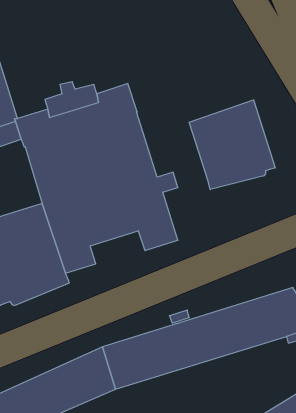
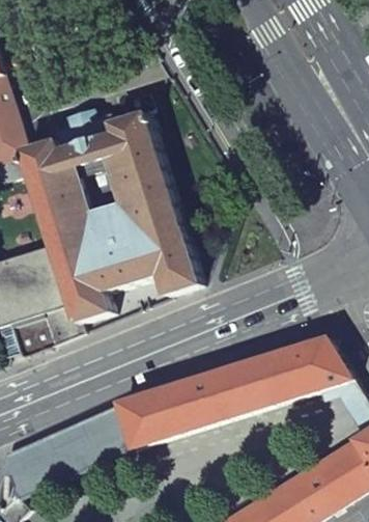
building: [189,100,275,190] -> none

